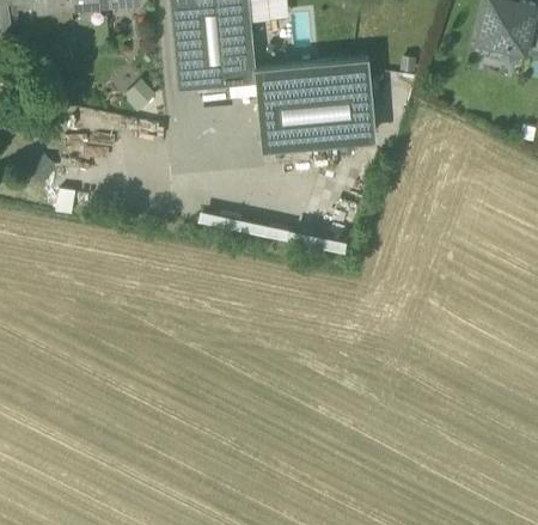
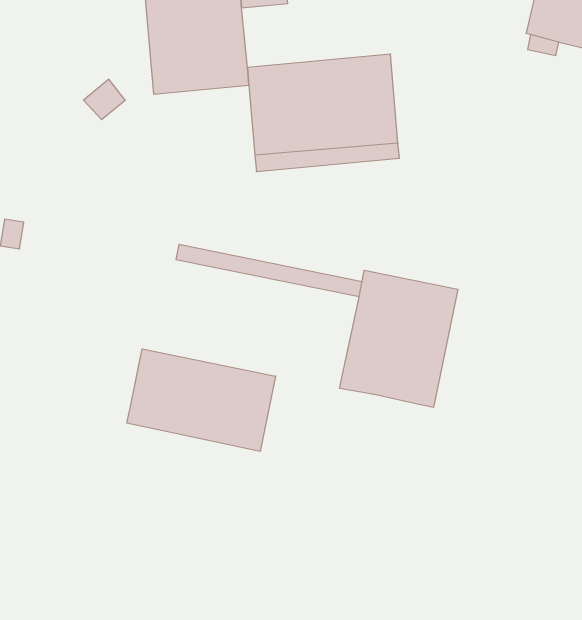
building: none -> [340,270,458,407]
building: none -> [127,349,276,451]

